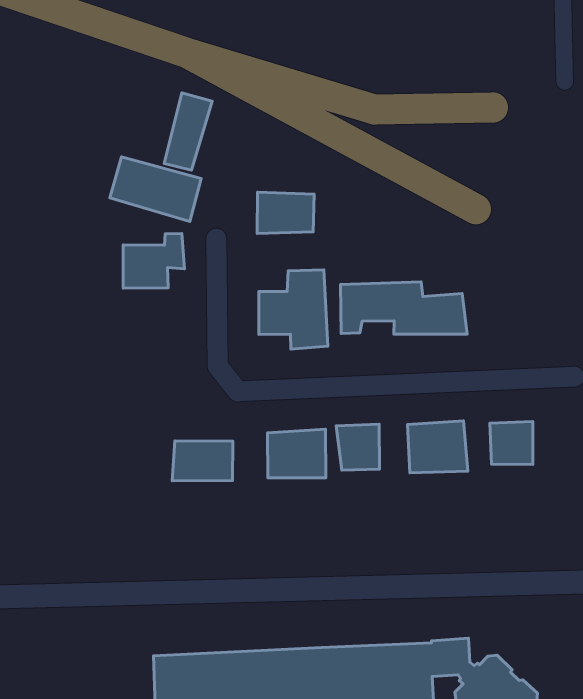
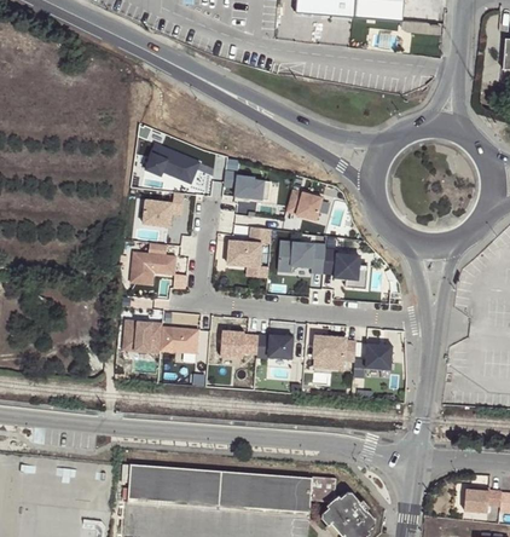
building: [164,93,212,170] -> none
building: none -> [285,187,325,223]
building: none -> [129,249,175,285]
building: none -> [121,321,152,352]

